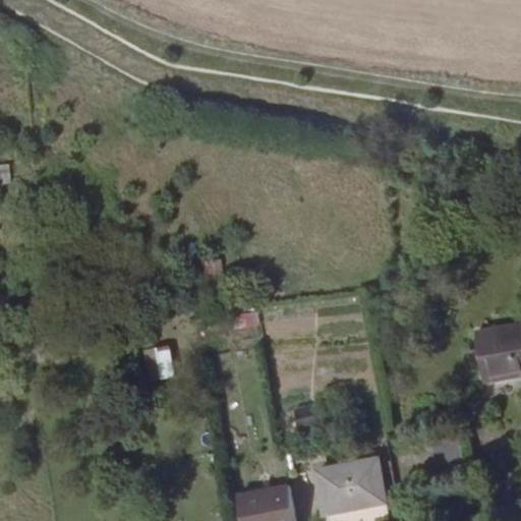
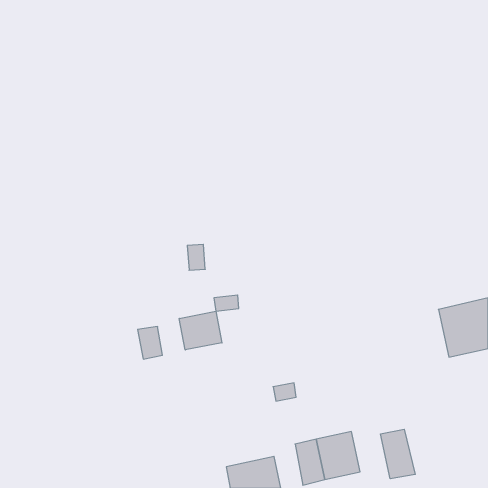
building: none -> [179,311,222,350]
building: none -> [381,429,415,479]

